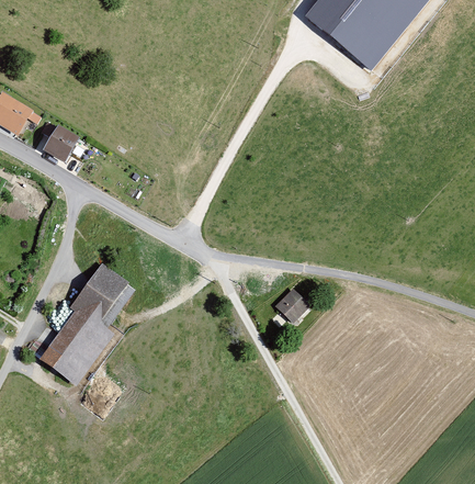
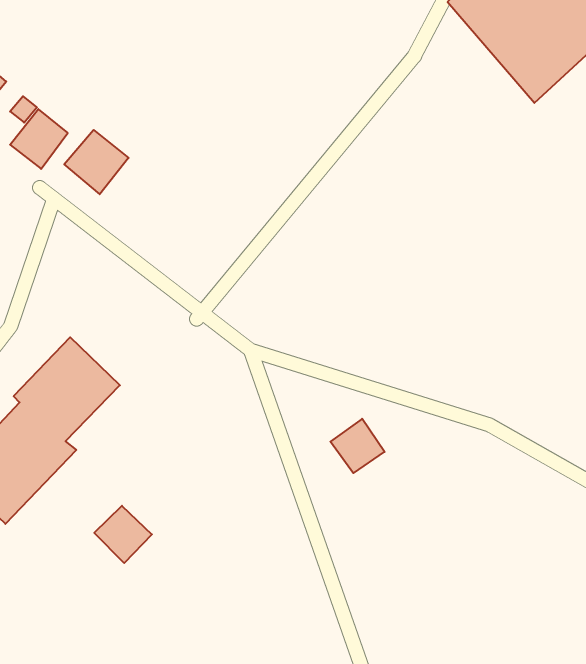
building: none -> [64,130,129,194]
building: none -> [94,506,152,563]

